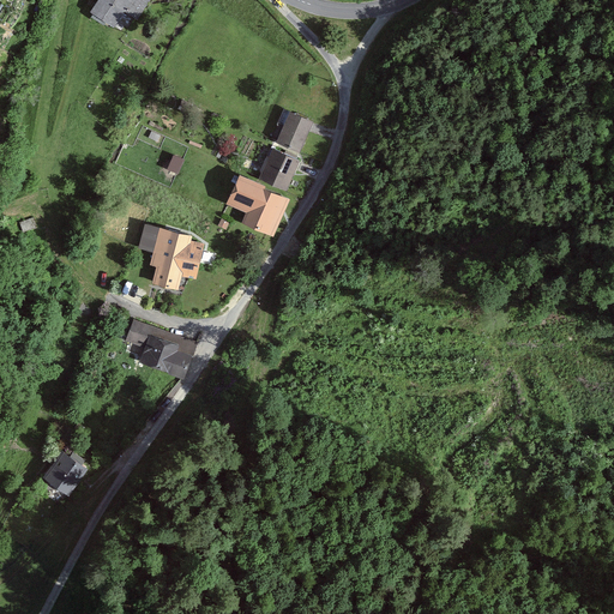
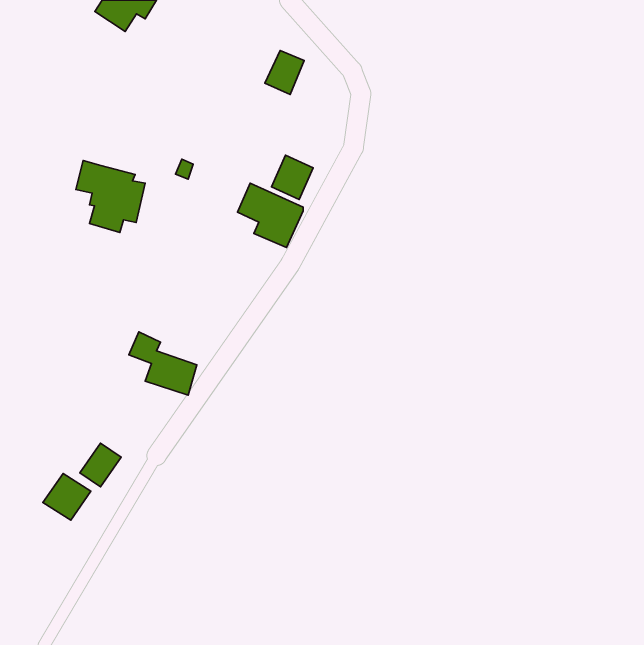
building: [275,110,312,152] -> [265,50,304,95]
building: [137,221,203,289] -> [76,160,145,232]
building: none -> [80,443,121,487]

